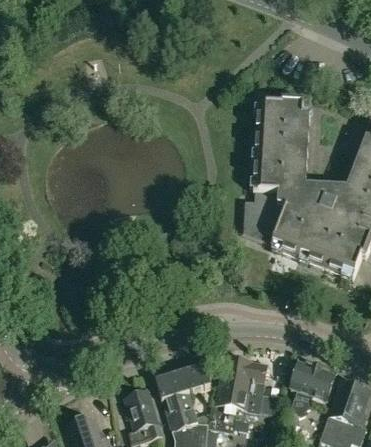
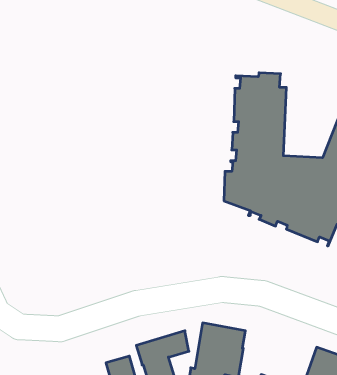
building: [292,361,336,403] -> none

